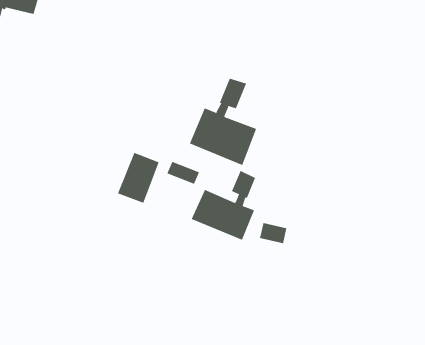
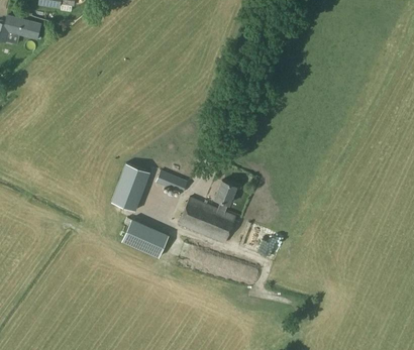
building: [189,78,257,166] -> none
building: none -> [121,219,169,257]

